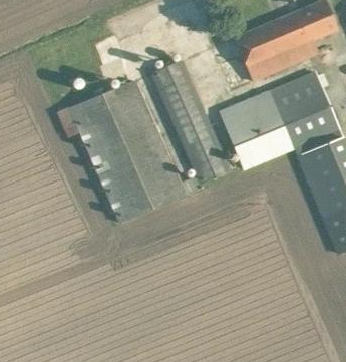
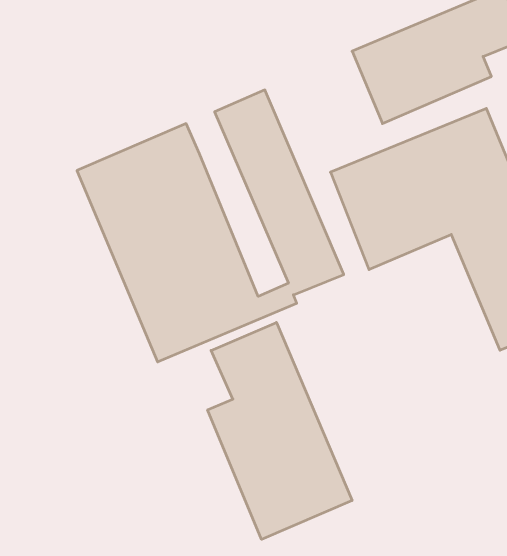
building: none -> [208,322,352,539]

